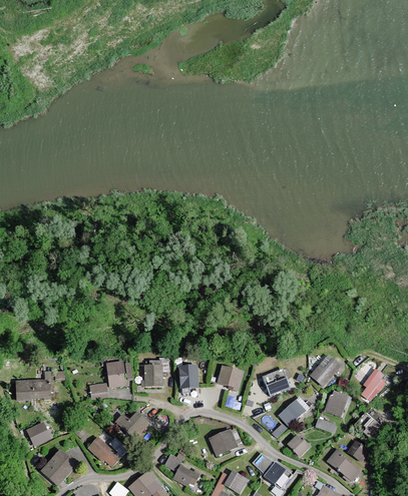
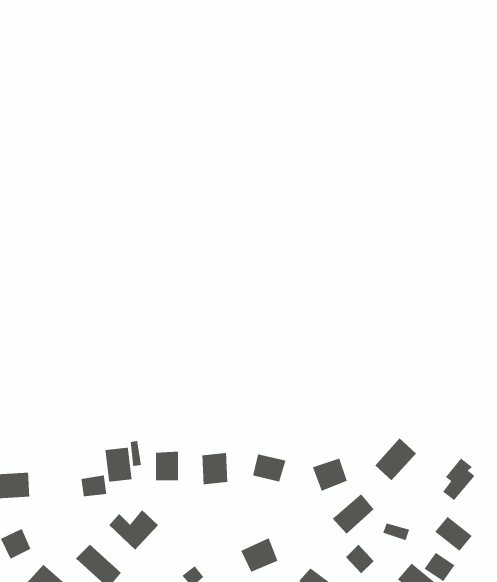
building: [325,390,349,417] -> none

